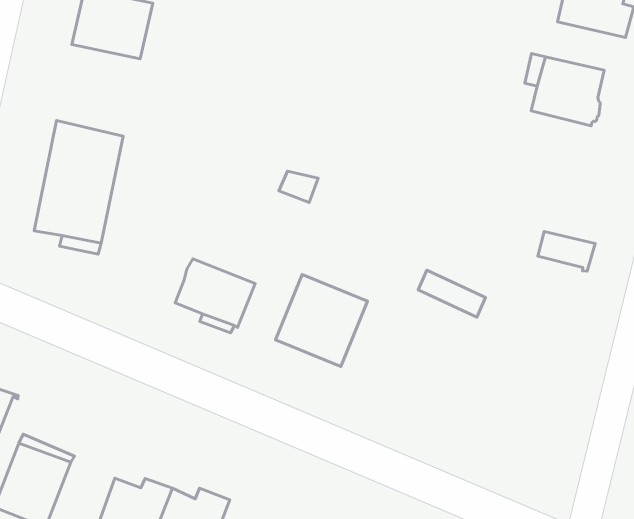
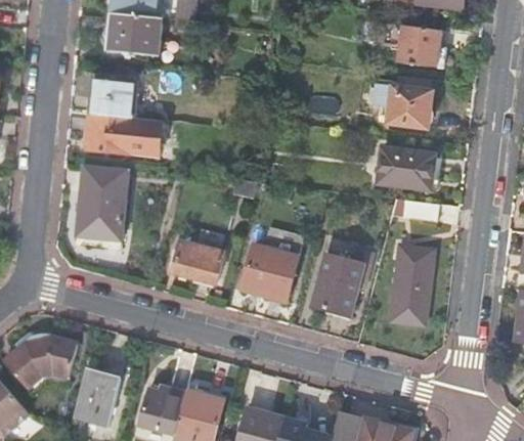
building: none -> [84,114,162,158]
building: none -> [378,147,435,189]
building: none -> [311,254,364,316]
building: none -> [388,246,434,325]

